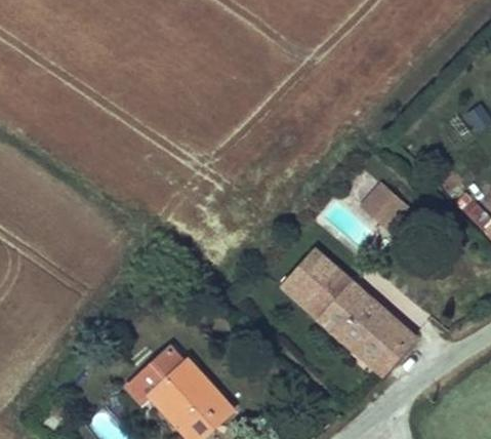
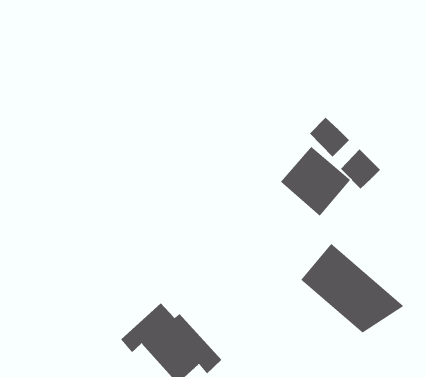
building: none -> [309,117,350,158]
building: [276,247,351,322] -> [280,146,351,217]

